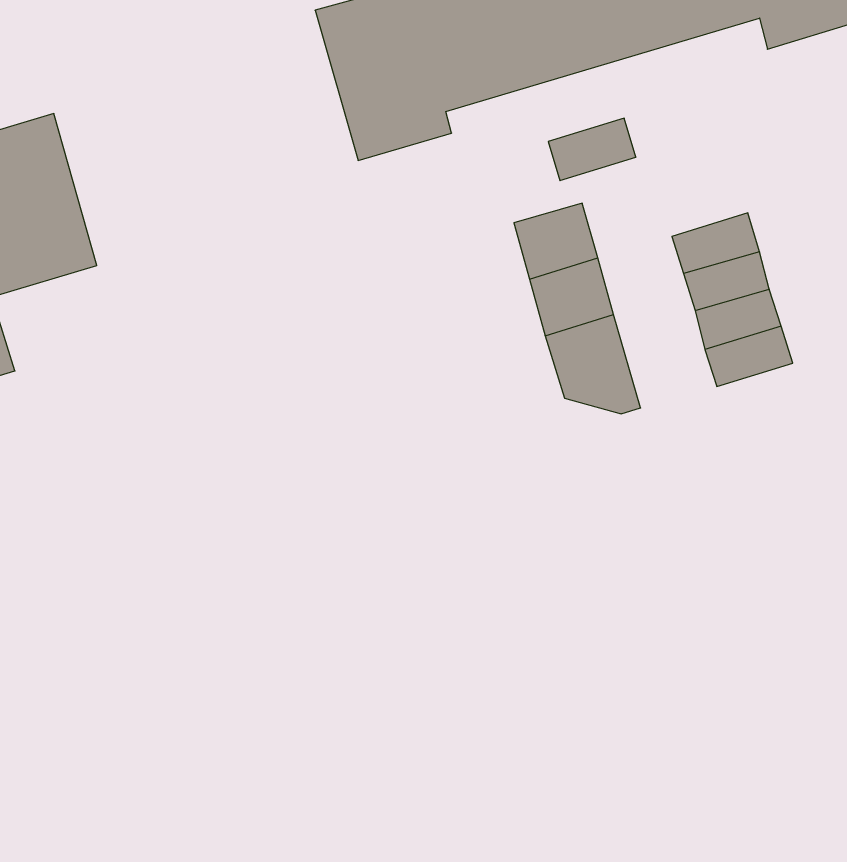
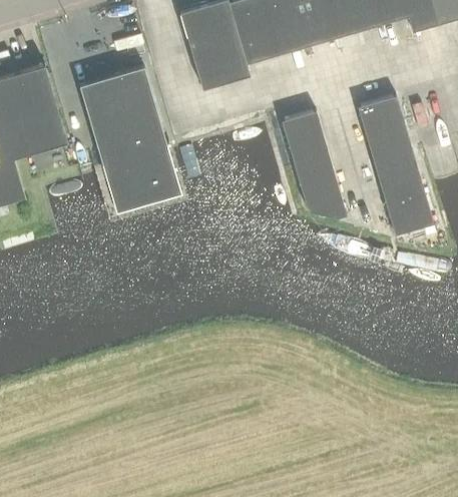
building: none -> [79,66,181,211]
building: [548,118,636,181] -> [357,95,402,127]
building: none -> [386,192,434,234]

